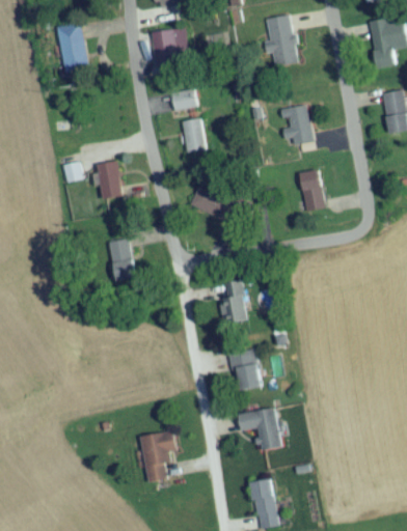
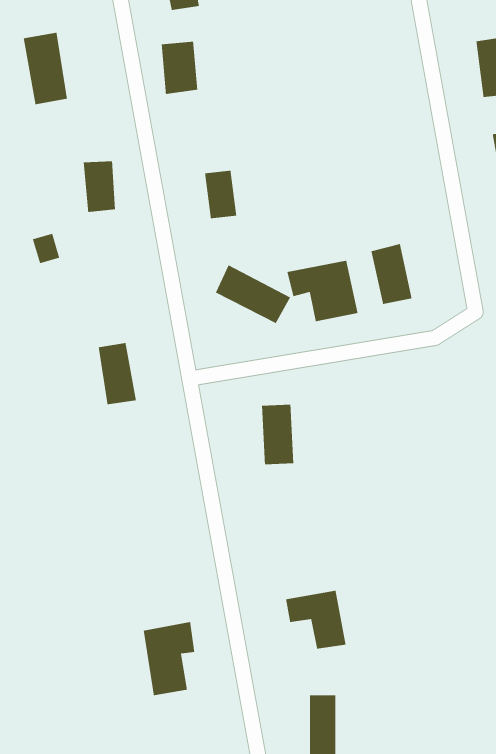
building: [266,15,298,67] -> none
building: [171,88,198,111] -> none
building: [282,105,314,147] -> none
building: [99,162,121,198] -> [83,160,116,213]
building: none -> [287,260,358,322]
building: [230,348,262,392] -> none

